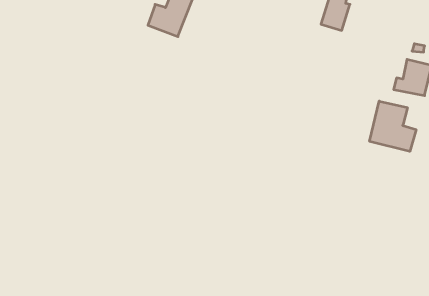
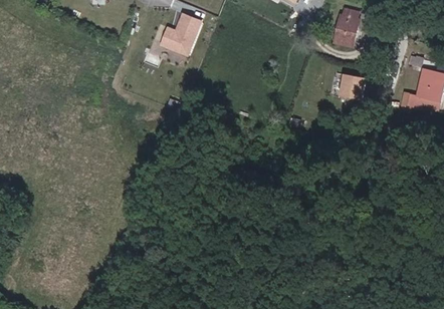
building: none -> [340,71,368,98]
building: [370,101,416,151] -> none

